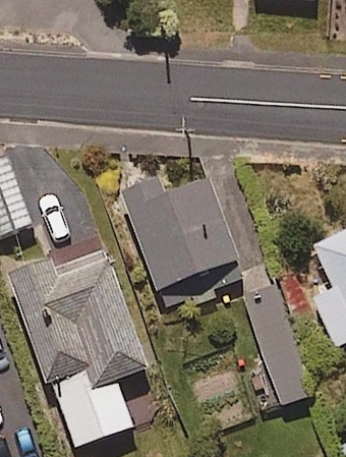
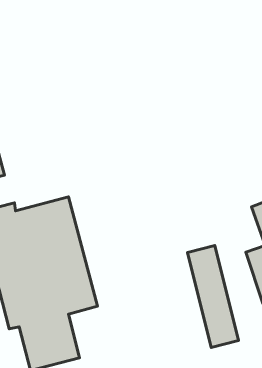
building: [119,175,239,289] -> none

